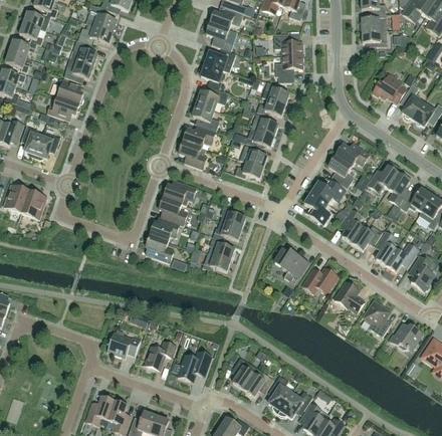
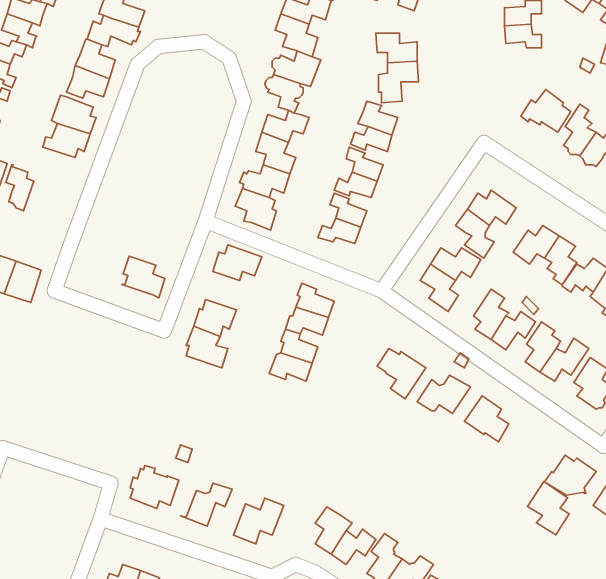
building: [34,130,60,158] -> none
building: [158,197,187,225] -> [122,256,165,298]
building: [363,299,391,336] -> [528,481,569,535]

